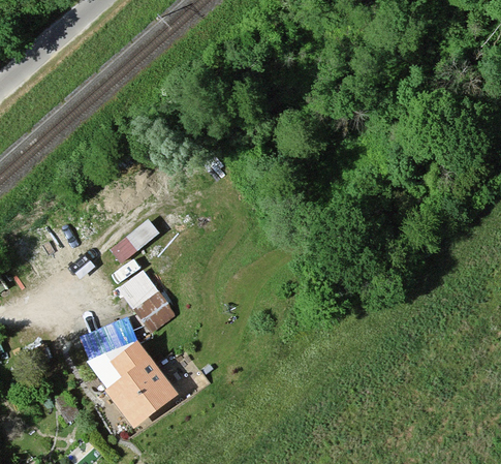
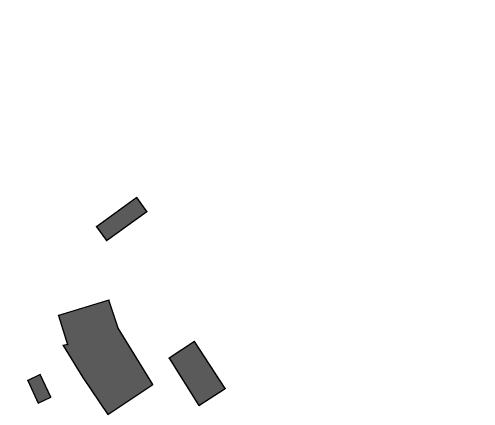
building: [122,271,177,331] -> [169,341,225,405]

